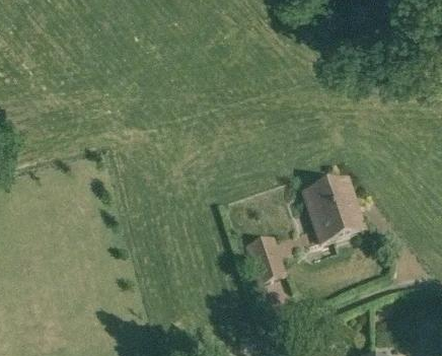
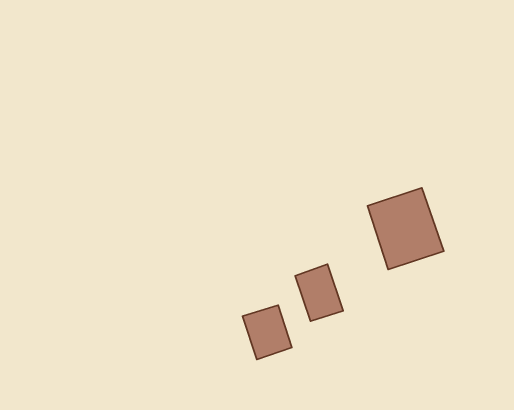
building: none -> [243,305,292,359]

